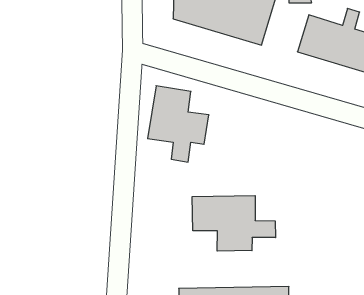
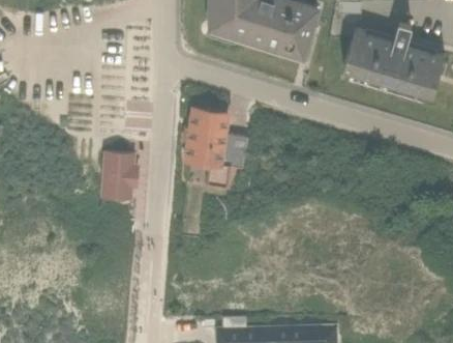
building: none -> [100,153,138,201]
building: [192,196,276,251] -> none

